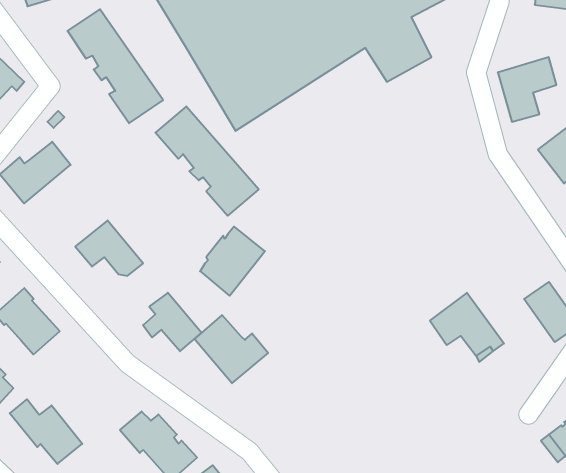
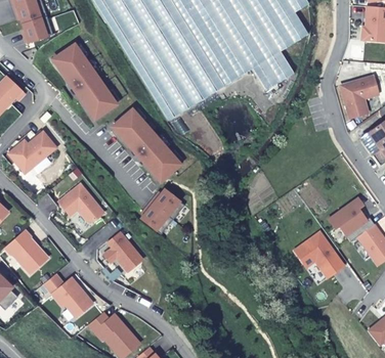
building: none -> [328,198,373,241]
building: [194,315,268,383] -> none
building: [10,399,82,464] -> [44,273,92,316]

